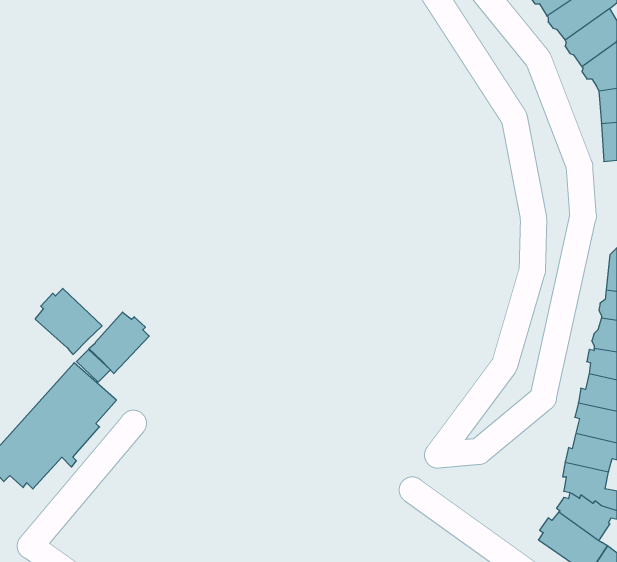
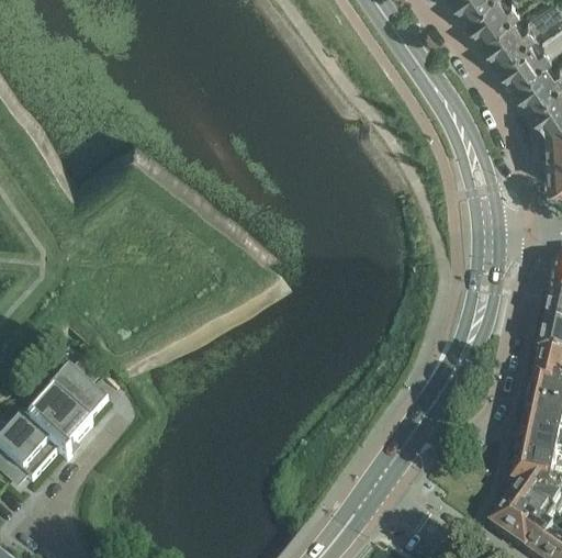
building: [35,288,102,354] -> none
building: [89,312,149,374] -> none

